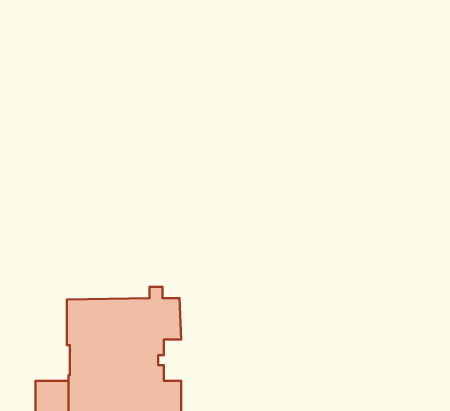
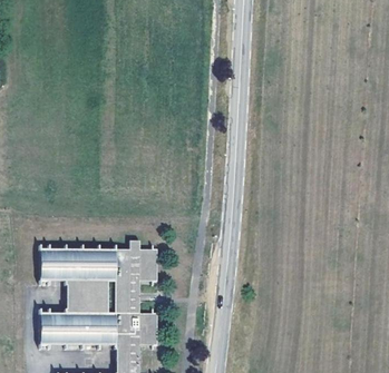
building: none -> [38,251,64,283]

